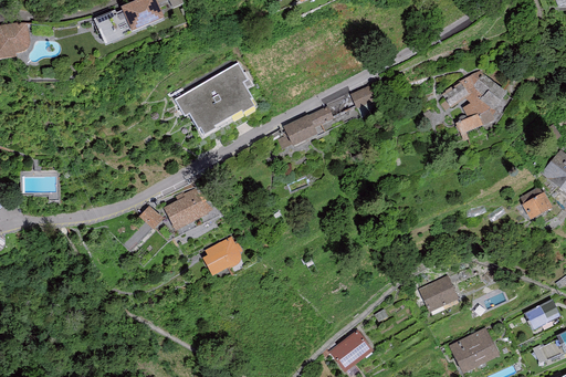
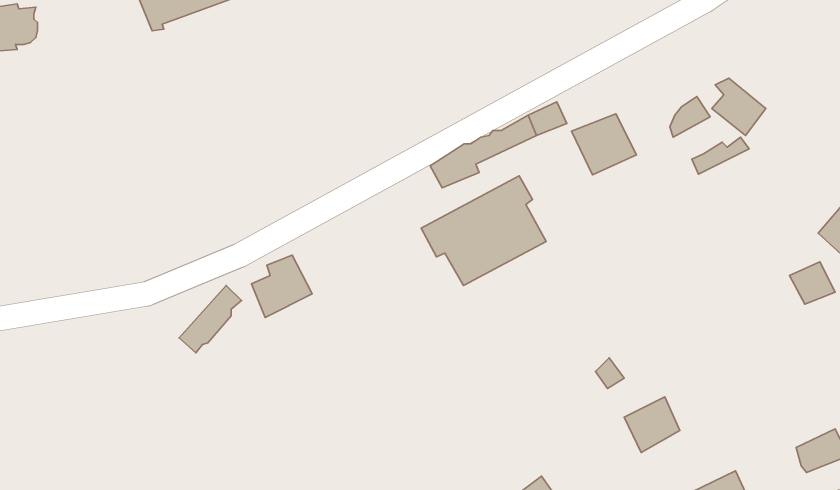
building: [175,64,256,136] -> [421,176,546,285]
building: none -> [571,114,636,175]
building: [210,238,243,273] -> none

